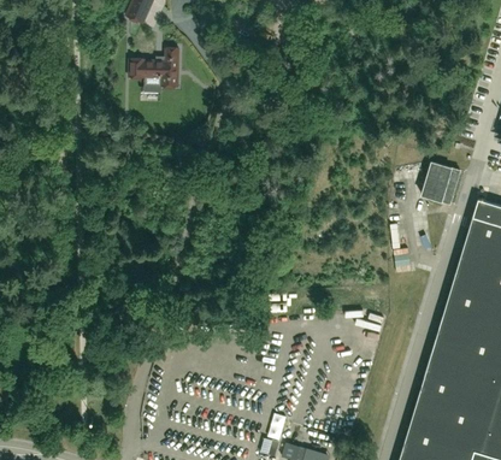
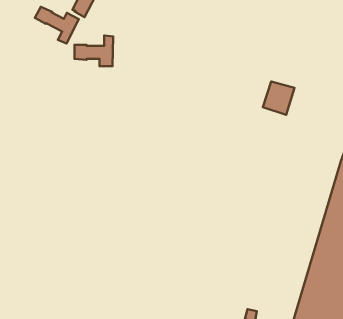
building: none -> [35,7,79,44]
building: [422,161,462,205] -> [263,81,294,115]

